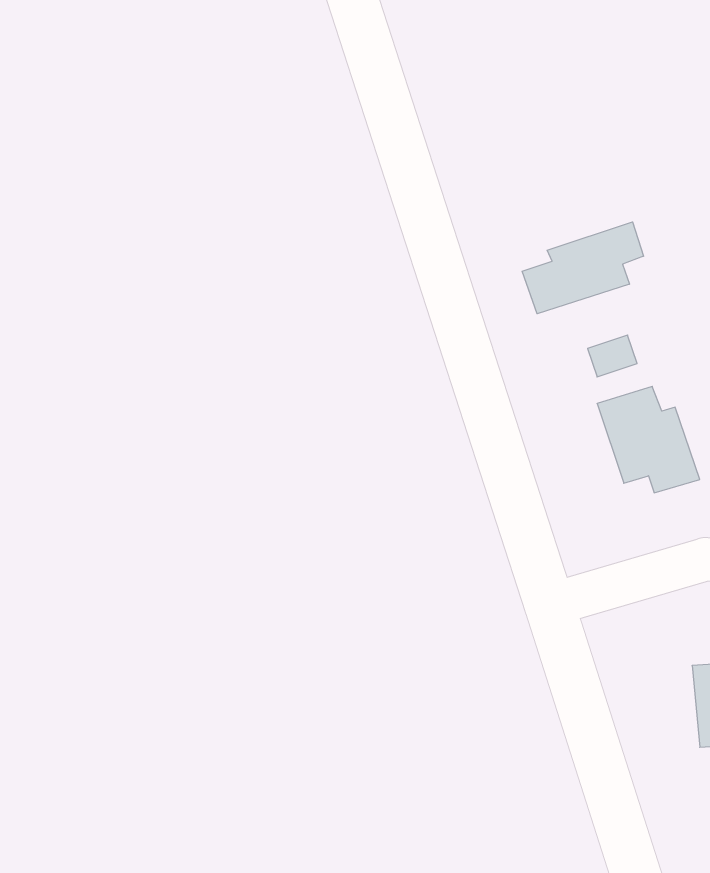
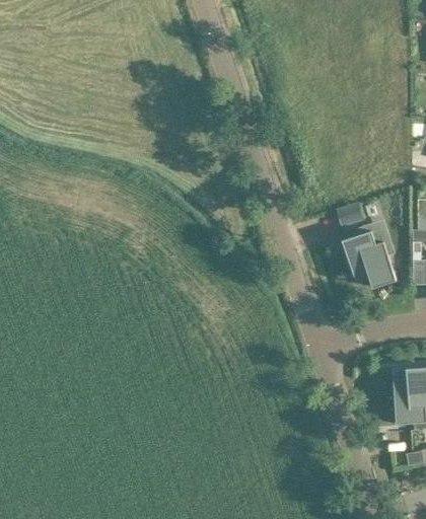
building: [522,222,644,314] -> none

